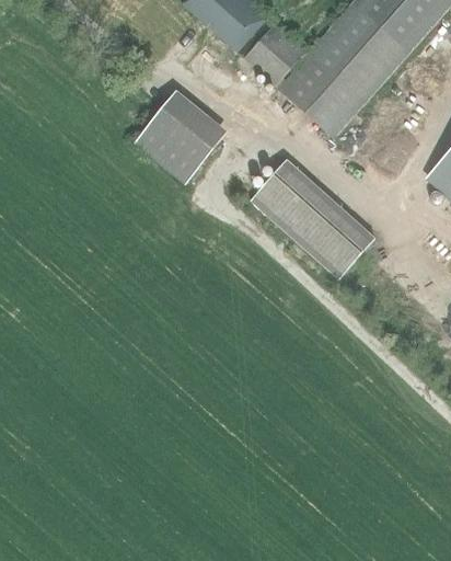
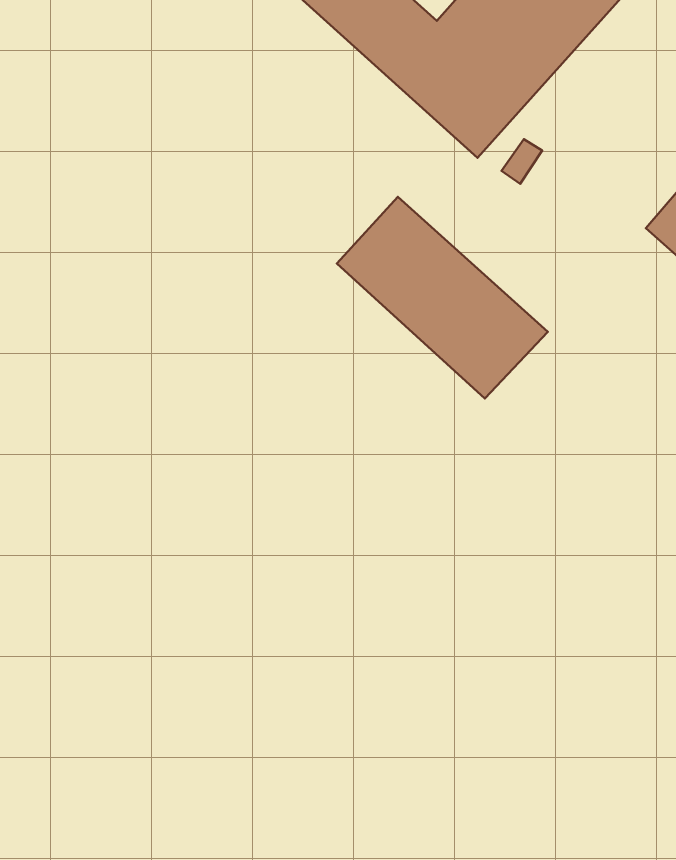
building: [142,87,240,184] -> none

